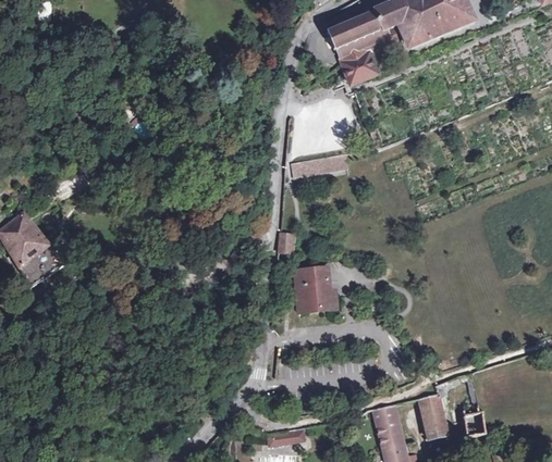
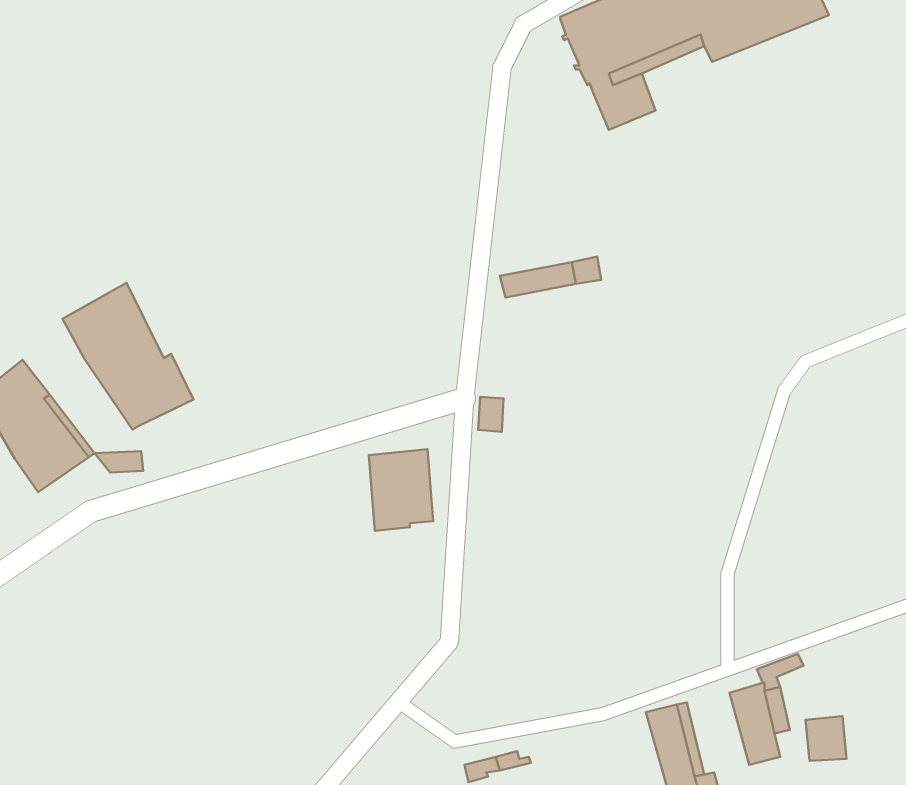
building: none -> [63,283,193,430]
building: [296,267,332,313] -> [369,449,433,531]

